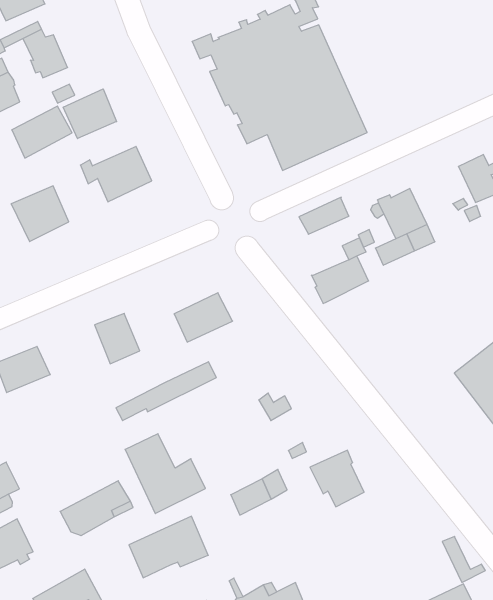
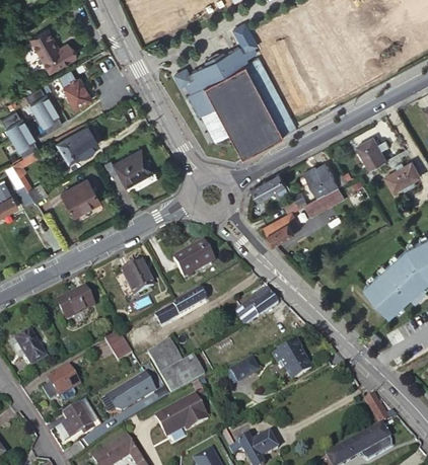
building: [63,89,117,139] -> none
building: none -> [241,290,278,316]
building: none -> [104,330,132,361]

